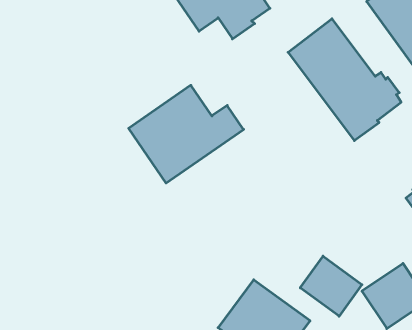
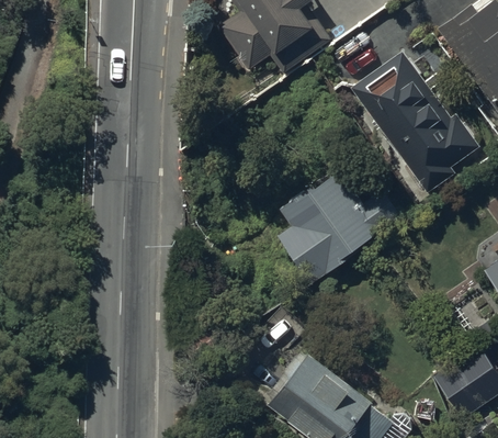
building: [129,85,244,183] -> [273,169,405,281]
building: [300,256,362,316] -> none

